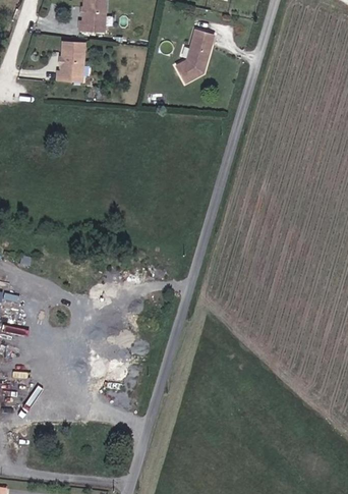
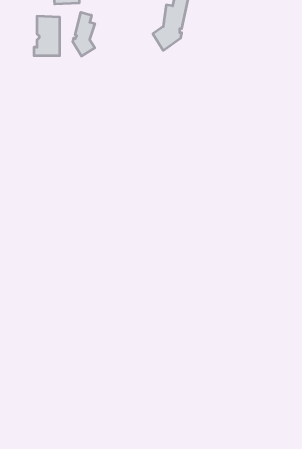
building: none -> [73,12,95,56]

